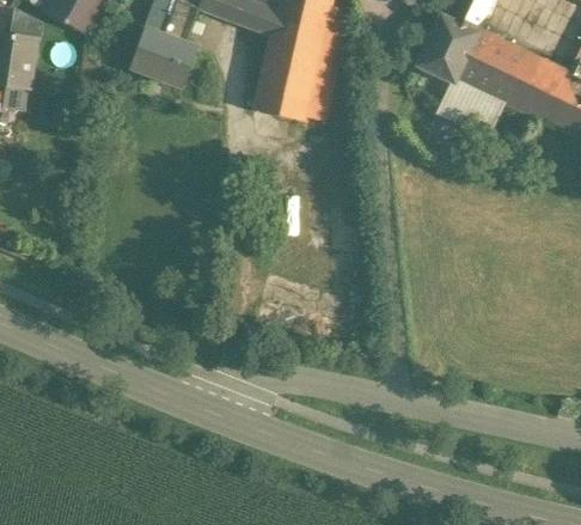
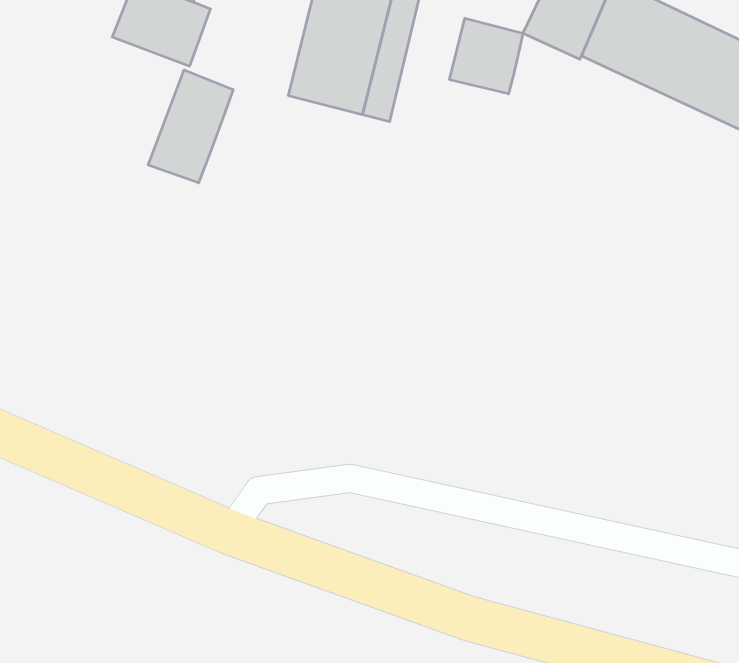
building: none -> [450,18,523,94]
building: none -> [148,70,233,183]

